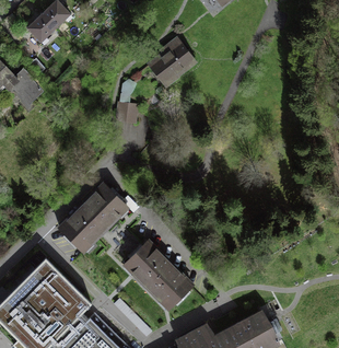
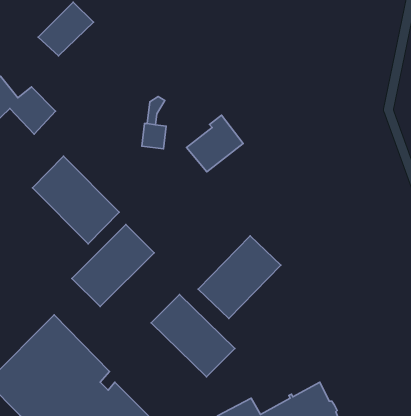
building: [148,38,194,84] -> [187,115,243,172]
building: none -> [32,156,119,244]
building: none -> [198,236,281,318]

